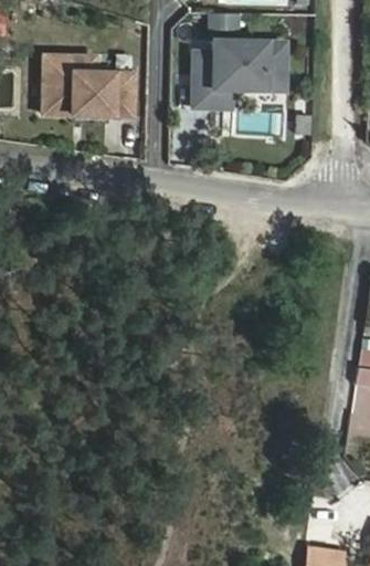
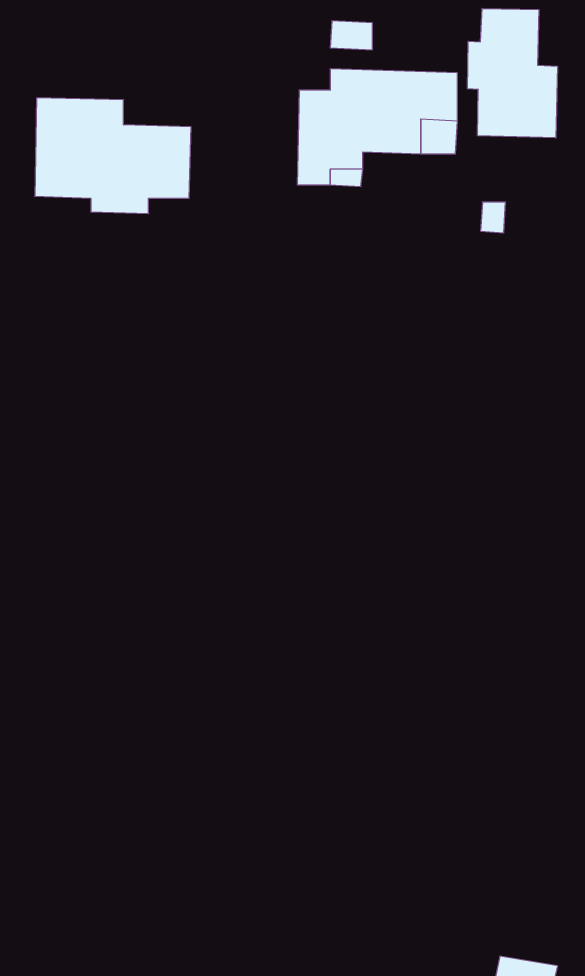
building: none -> [468,8,558,138]

